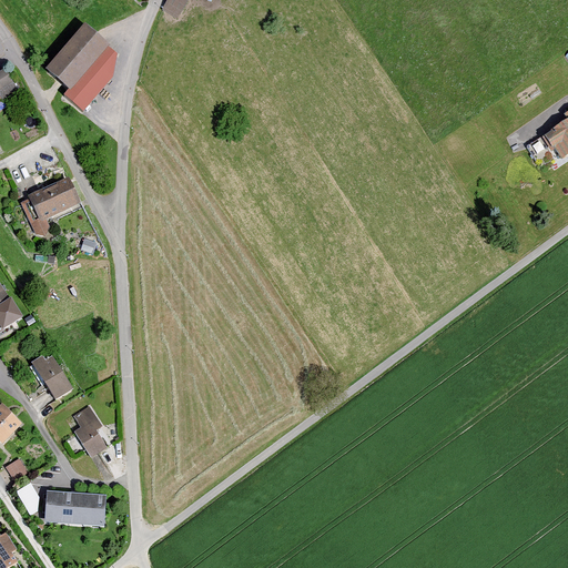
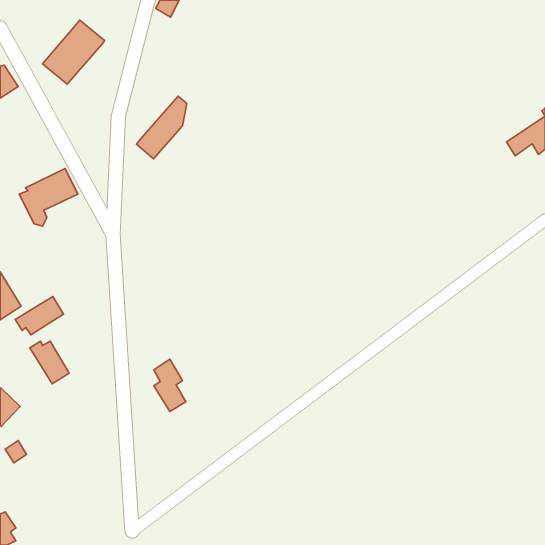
building: [64,44,116,110] -> [137,96,187,159]
building: none -> [15,296,63,335]
building: [73,404,106,458] -> [154,359,186,411]
building: [44,490,106,526] -> none

